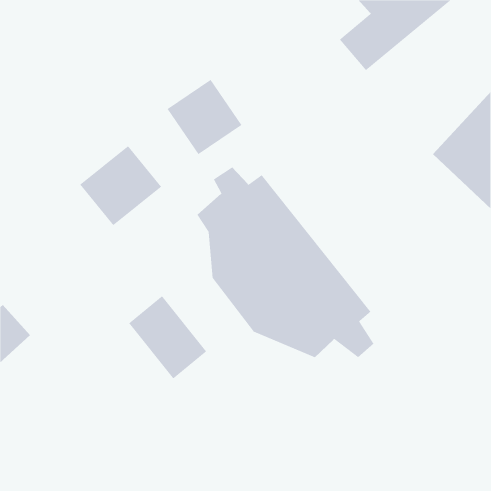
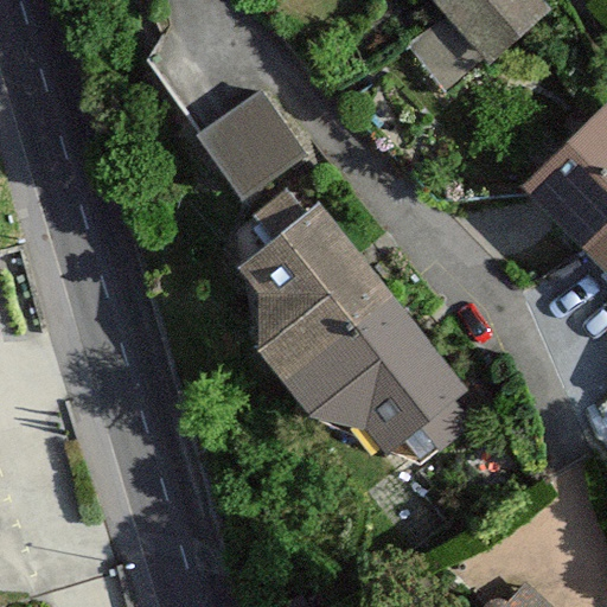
building: [79,145,162,226] -> none
building: [128,295,207,379] -> none

